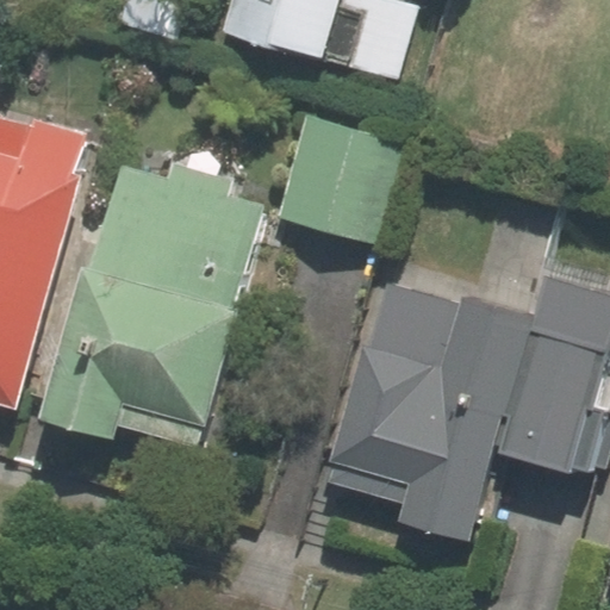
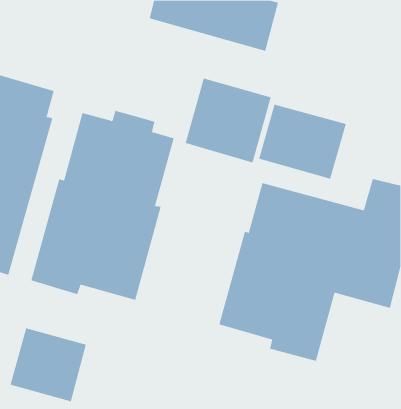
building: none -> [259,104,347,180]
building: none -> [10,327,87,402]

